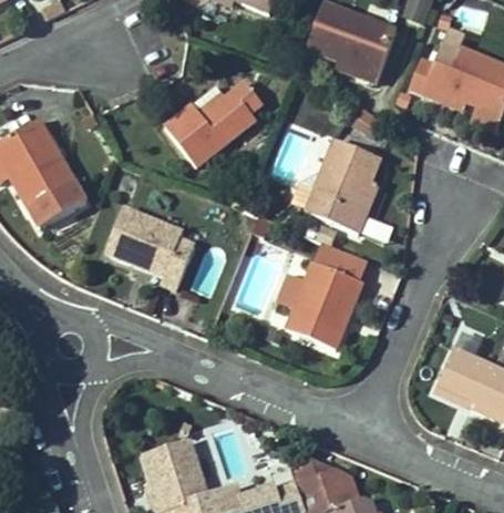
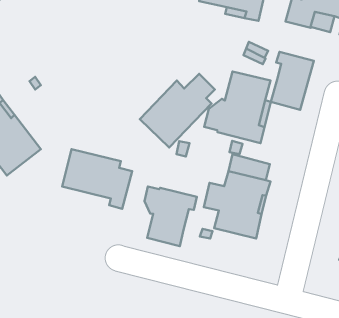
building: [165,81,263,166] -> [140,74,215,148]
building: none -> [271,52,314,110]
building: none -> [144,186,197,246]

